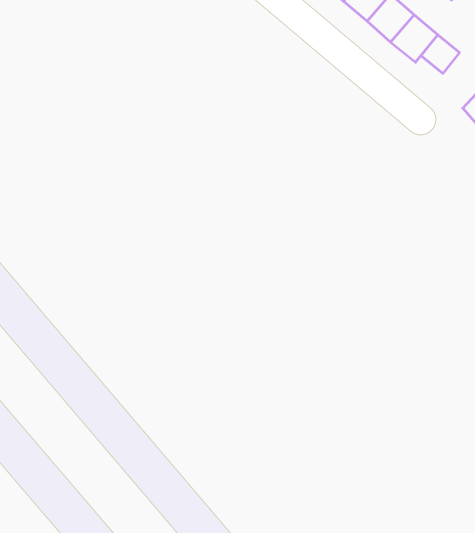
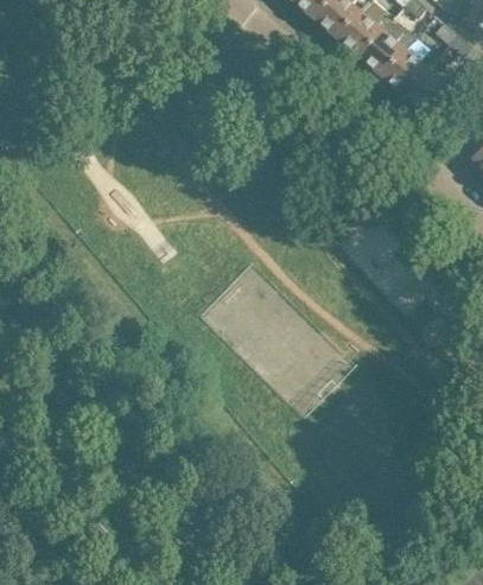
building: [421,35,459,73] -> none

